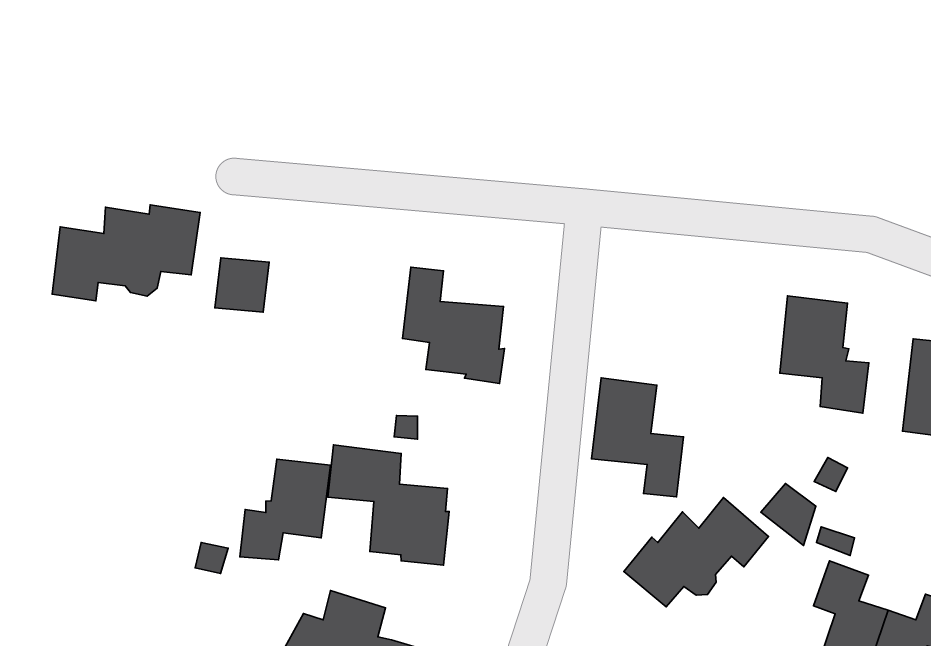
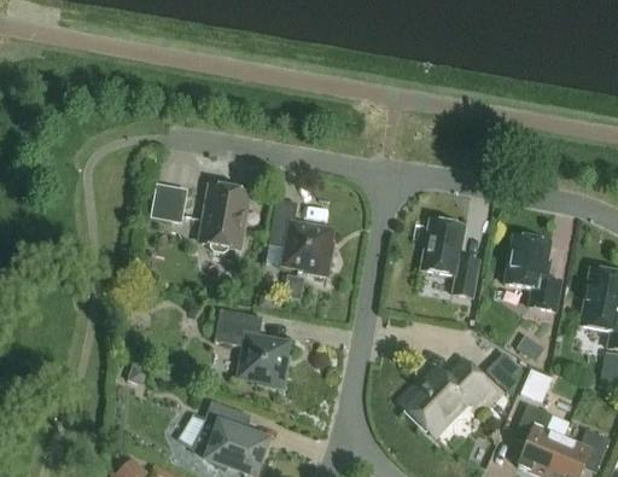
building: [52,205,200,301] -> none
building: none -> [202,184,250,249]
building: [591,378,684,497] -> [420,219,479,297]
building: [240,459,331,560] -> none

